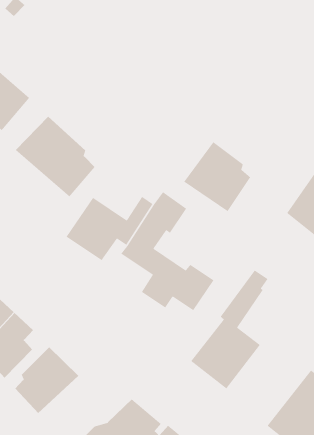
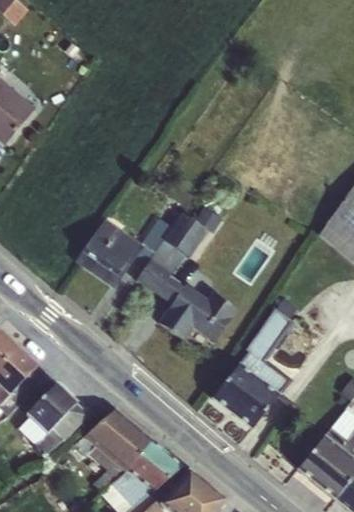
building: [15,116,95,197] -> none
building: [183,141,251,212] -> none
building: none -> [66,410,148,469]

